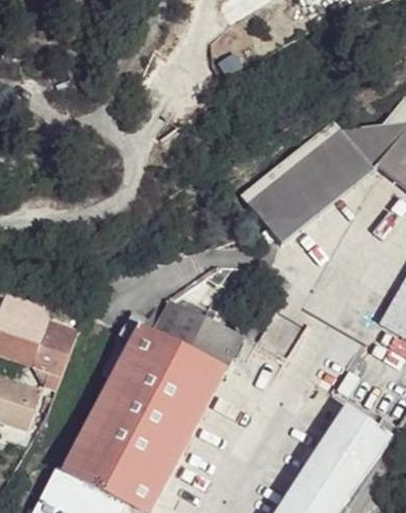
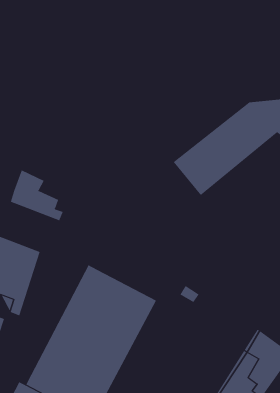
building: none -> [10,170,64,221]
building: [151,301,243,372] -> none

